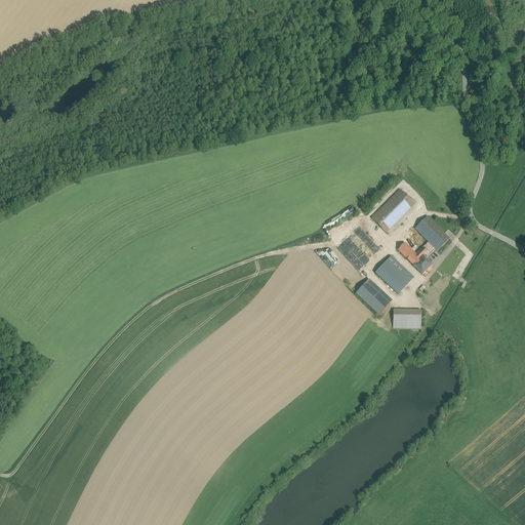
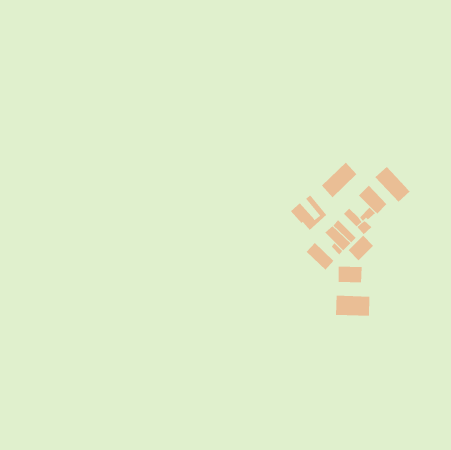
building: none -> [375,166,411,202]
building: none -> [348,235,374,261]
building: none -> [336,295,370,317]

